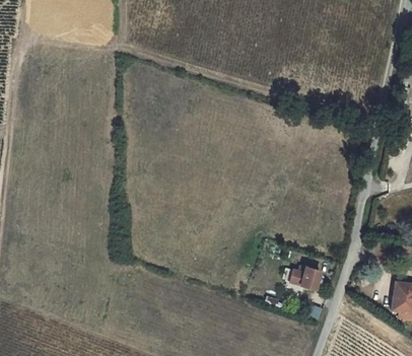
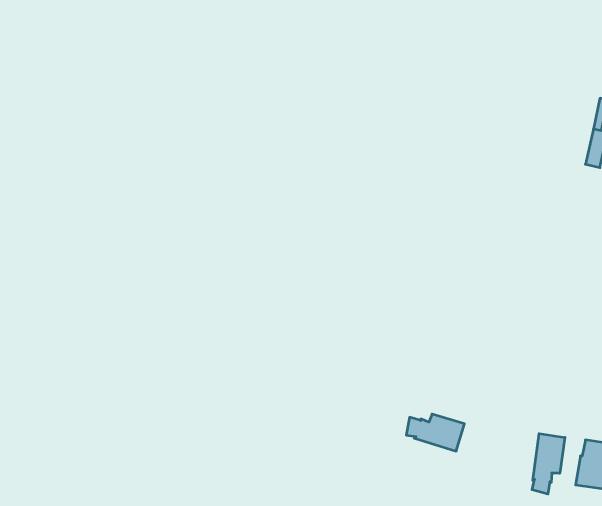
building: none -> [532,434,565,494]

